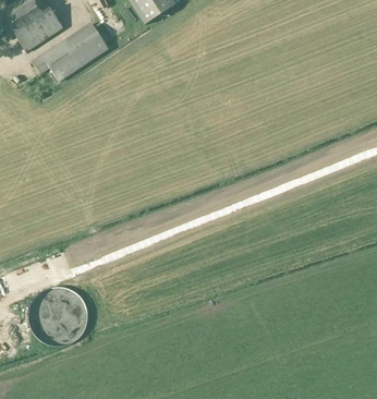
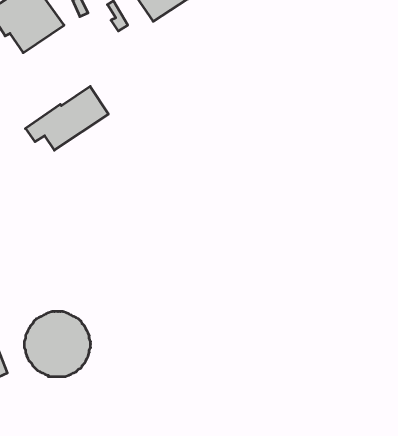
building: [33,23,108,81] -> [25,86,108,150]

